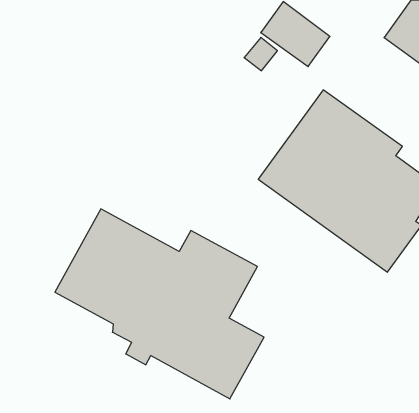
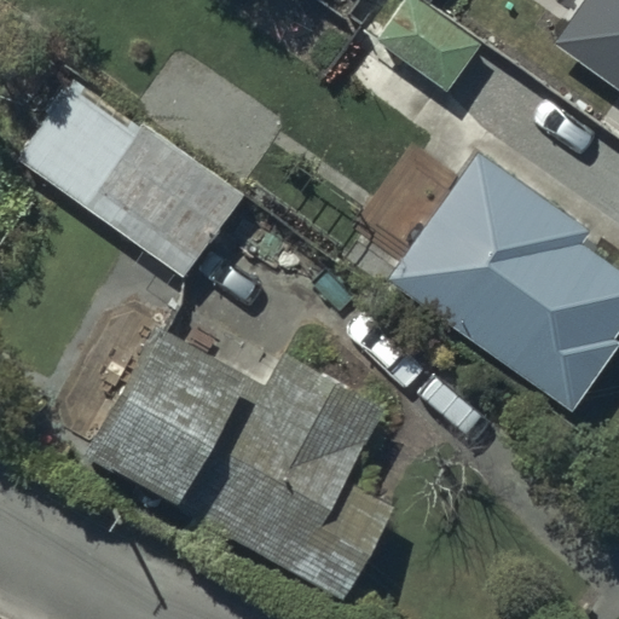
building: none -> [24,87,238,276]

